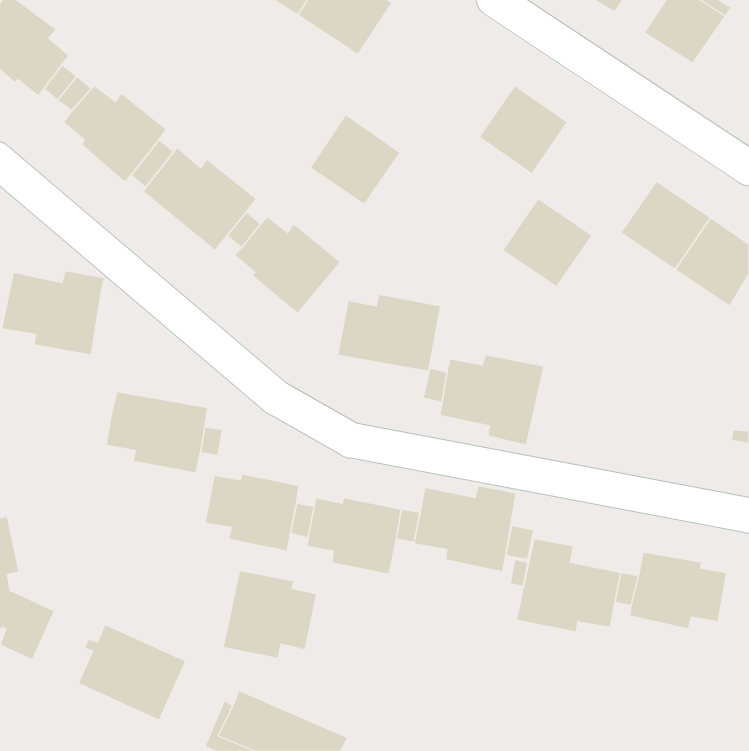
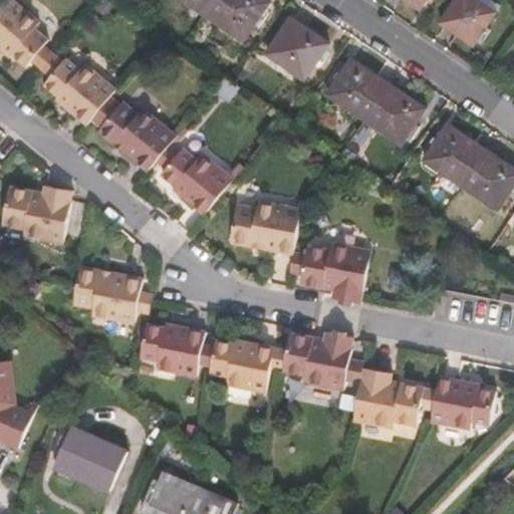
building: [310,115,400,204] -> [266,17,327,78]
building: [502,199,592,287] -> [362,83,424,144]
building: [223,570,317,658] -> none

